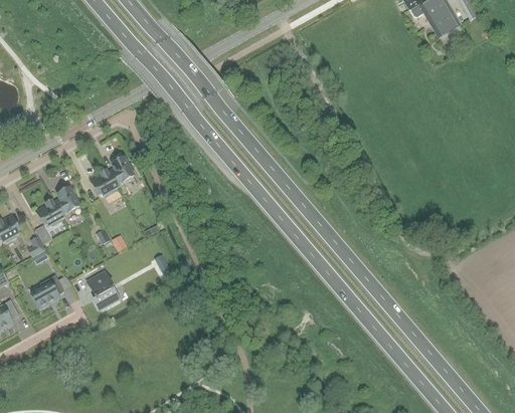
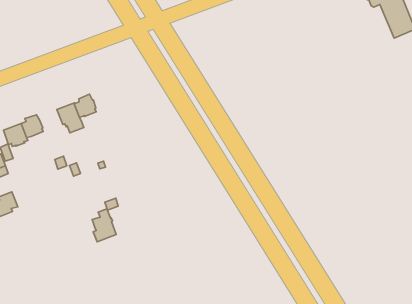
building: [90,270,118,307] -> [92,209,116,242]

